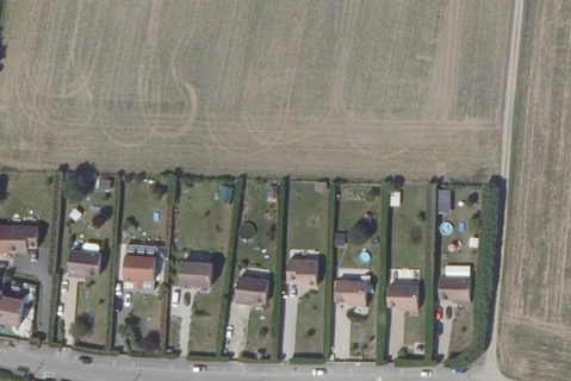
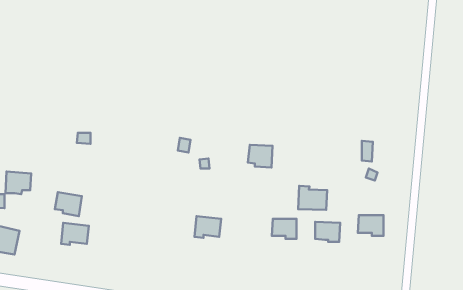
building: none -> [298,186,327,210]
building: [124,255,157,281] -> [61,223,89,245]
building: [288,258,318,286] -> [248,145,273,168]
building: [181,263,206,288] -> none

